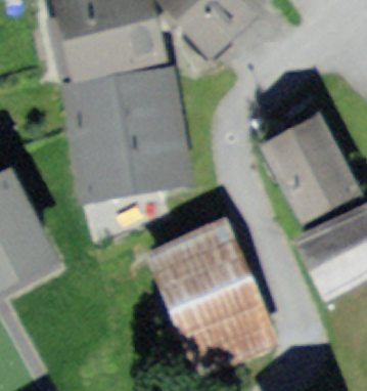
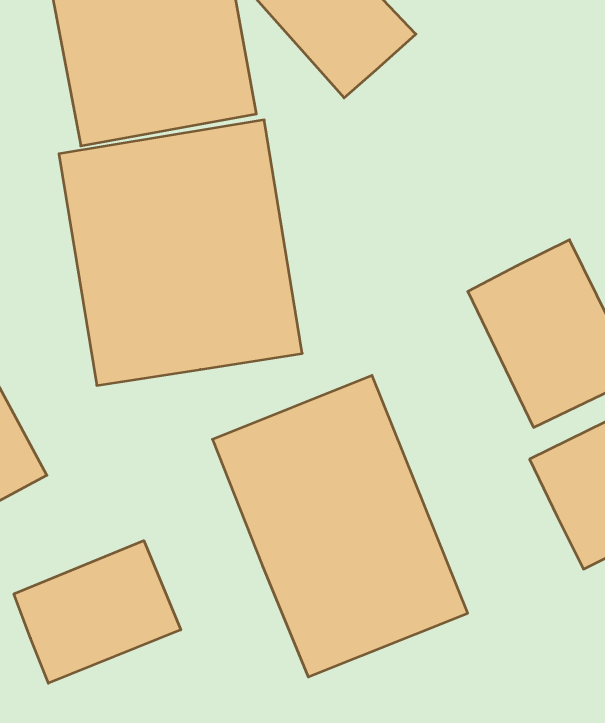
building: none -> [14,541,181,683]

